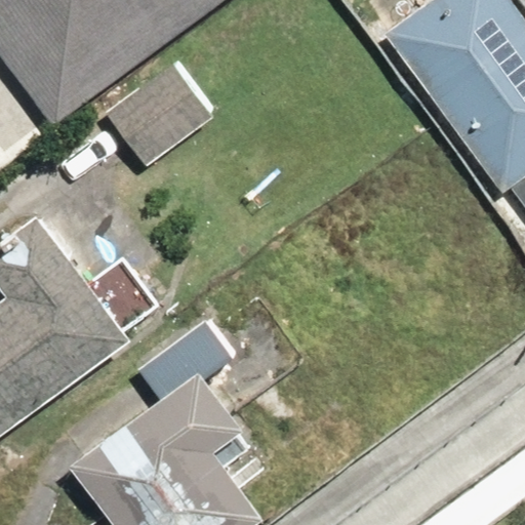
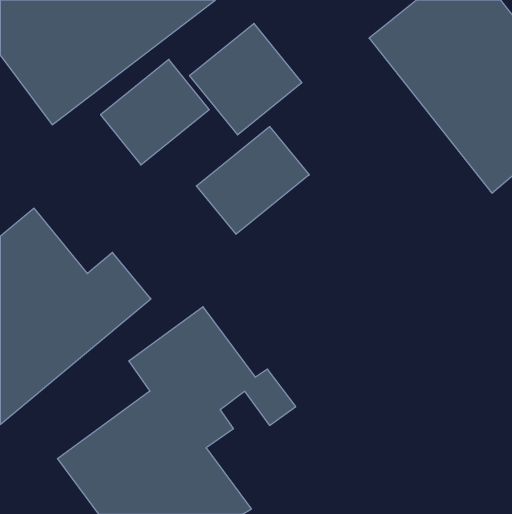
building: none -> [190,23,302,135]
building: none -> [196,127,309,234]

